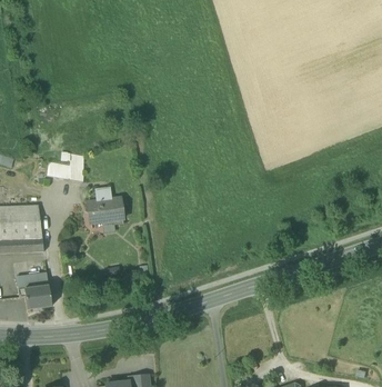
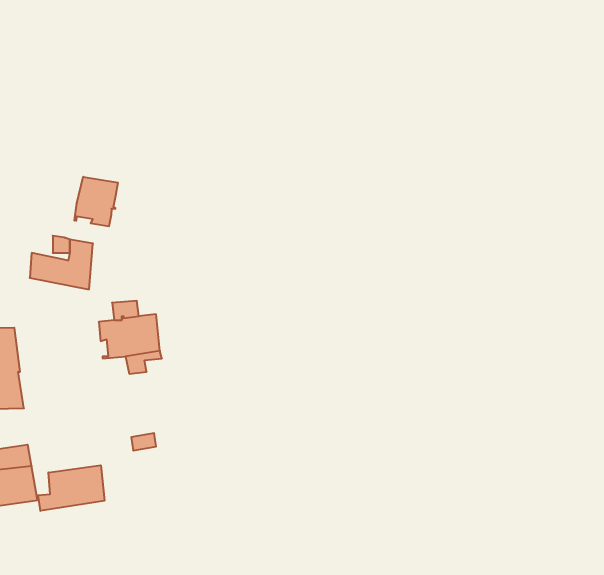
building: none -> [74,177,118,226]
building: none -> [38,465,104,511]

